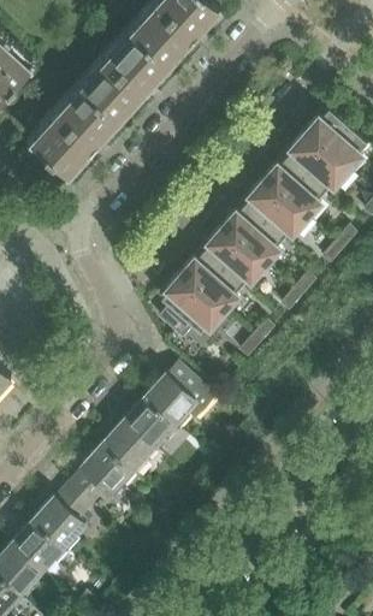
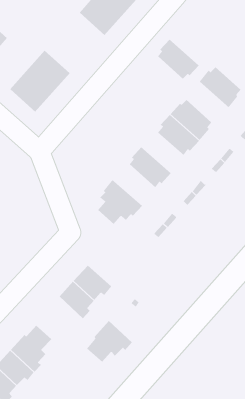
building: [82,32,168,120] -> none
building: [286,132,348,191] -> [157,39,200,80]
building: [221,206,283,265] -> none
building: [179,251,242,312] -> none
building: [144,365,211,428] -> none
building: [70,443,137,504] -> [86,320,133,363]

